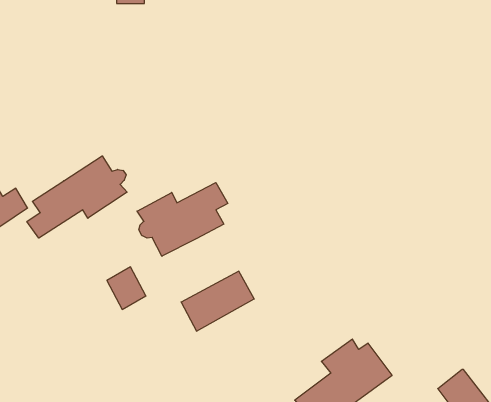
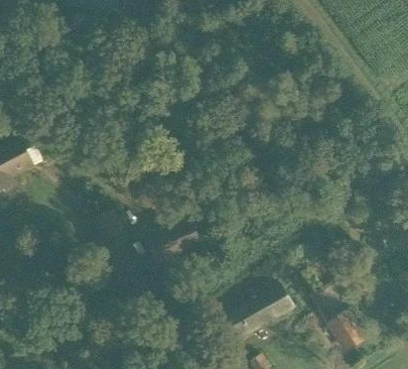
building: [27,156,127,238] -> none
building: [137,183,228,256] -> none

